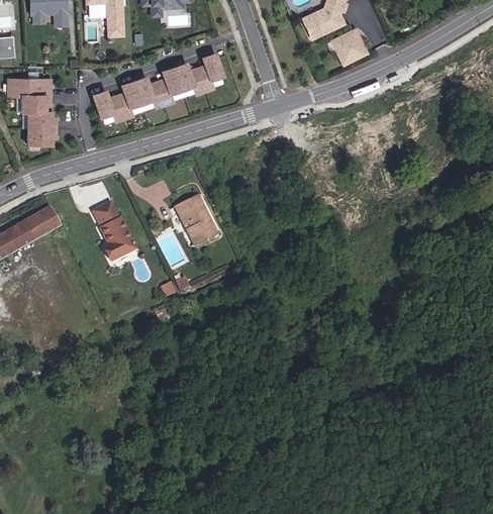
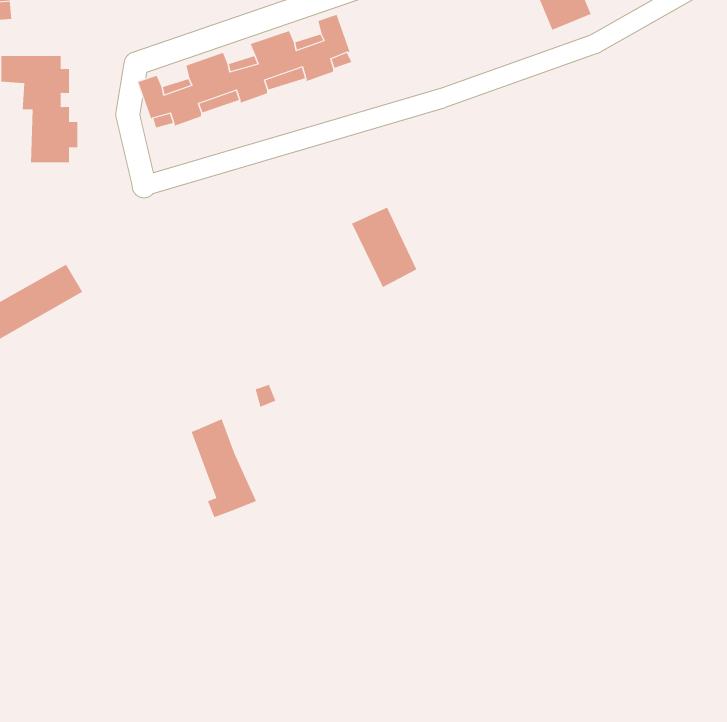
building: [178,194,218,243] -> [351,207,417,288]
building: [95,199,135,260] -> [191,419,257,518]

